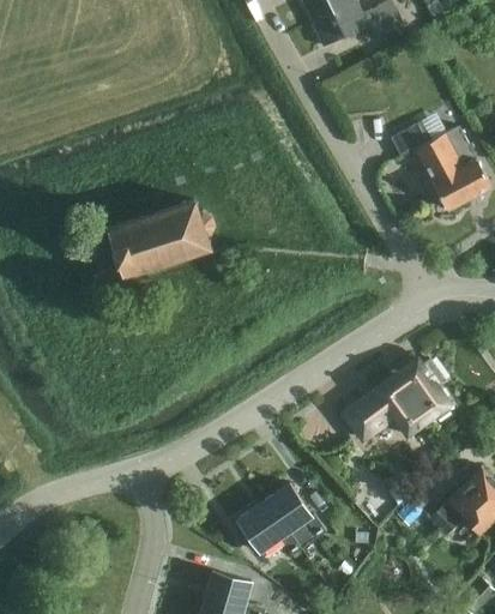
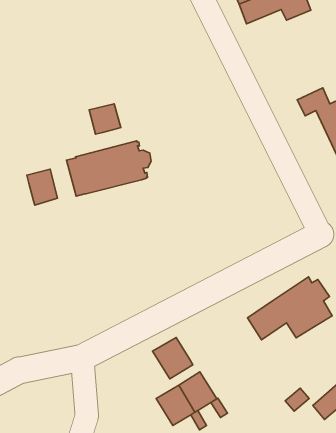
building: none -> [89,104,121,134]
building: none -> [27,169,57,205]
building: none -> [152,338,193,379]

